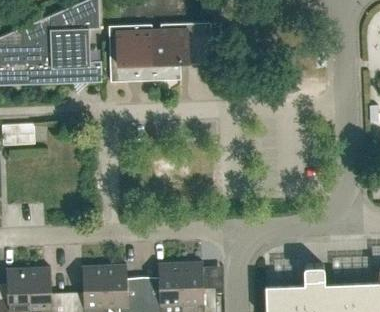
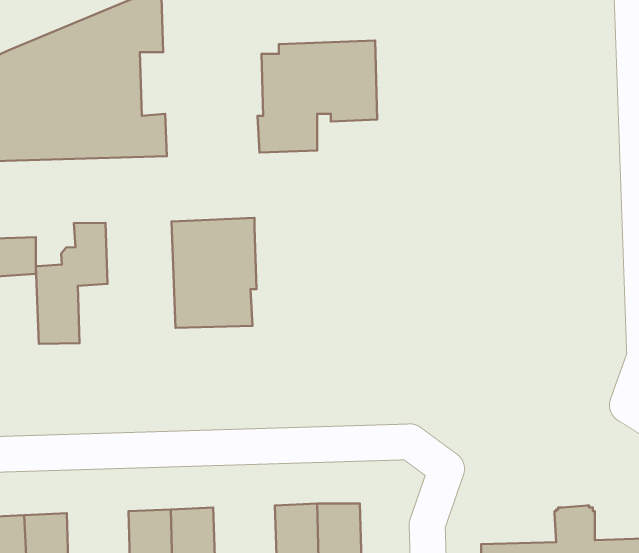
building: [108,24,152,81] -> [172,218,256,328]
building: none -> [36,223,107,344]

